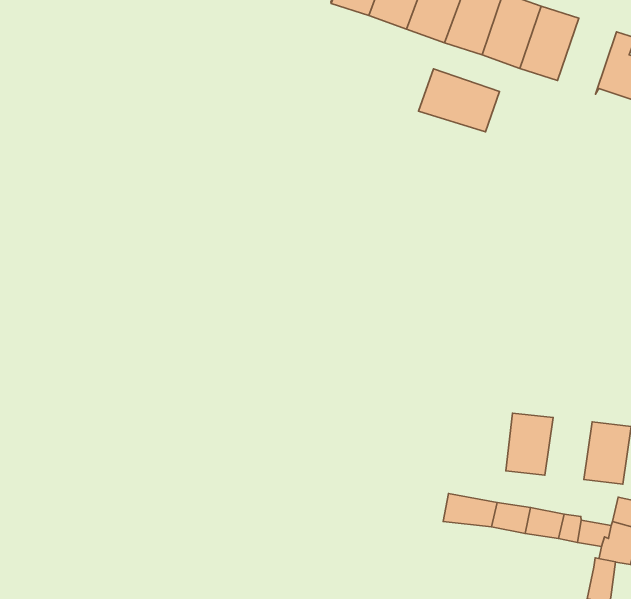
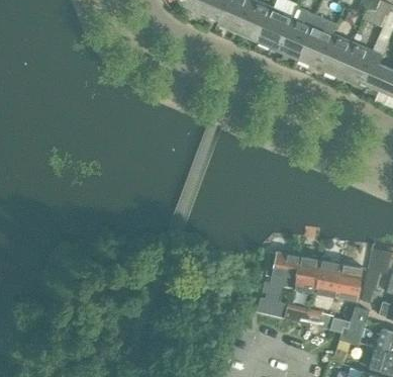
building: none -> [338,41,373,84]
building: [419,69,500,132] -> none
building: none -> [264,252,300,294]
building: none -> [315,260,343,295]

